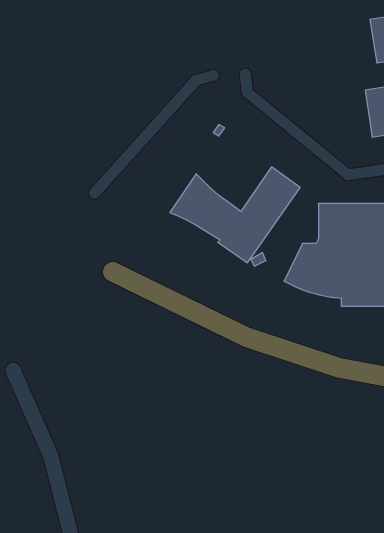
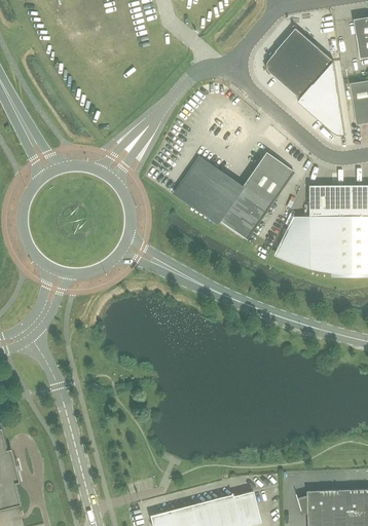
building: none -> [267,29,344,136]

